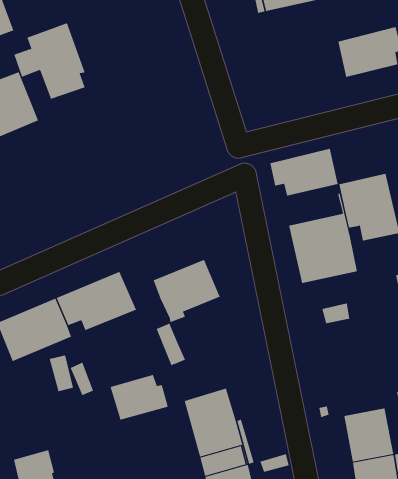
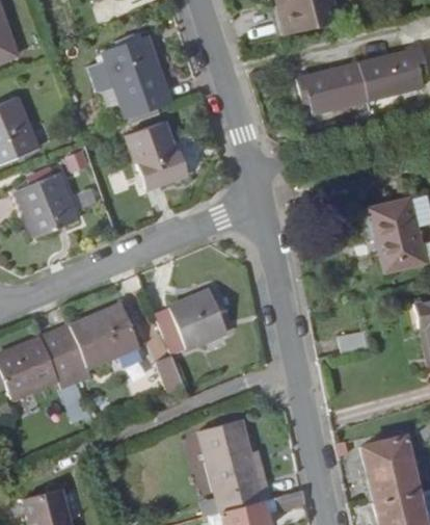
building: [13,23,85,99] -> [98,31,172,111]
building: none -> [133,116,193,182]
building: none -> [25,172,82,235]
building: [269,148,338,196] -> [292,62,364,112]
building: [288,193,358,284] -> none
building: [110,374,169,420] -> none

